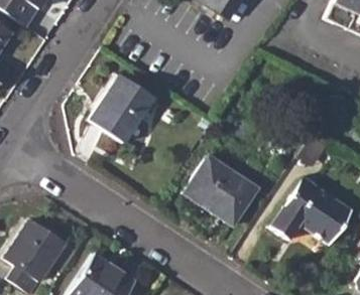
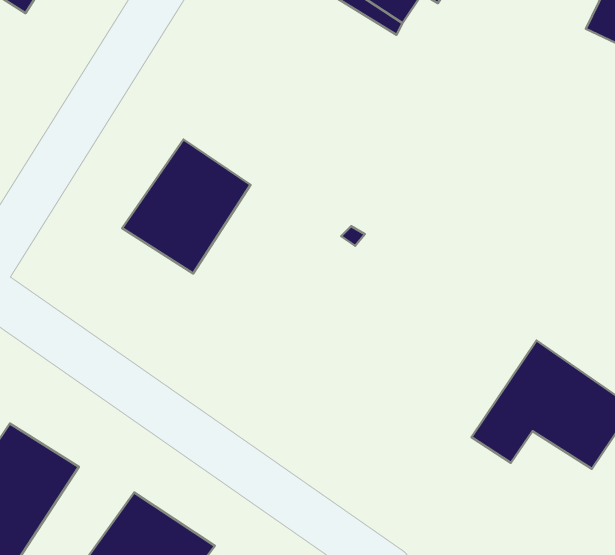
building: [186,154,256,224] -> none

